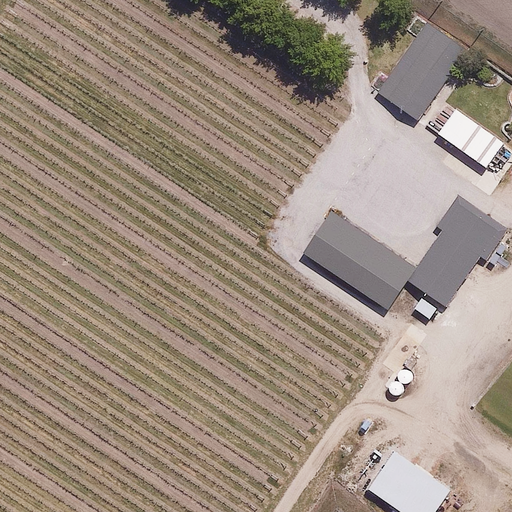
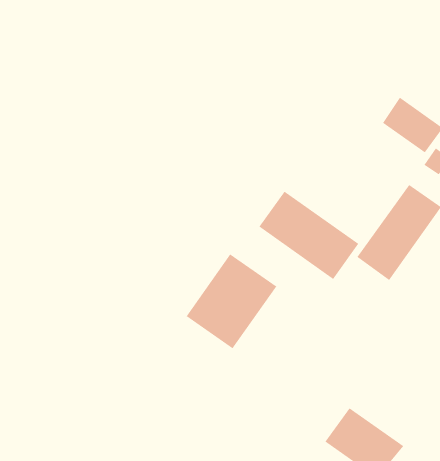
building: [376,21,467,120] -> none
building: none -> [186,253,277,349]

